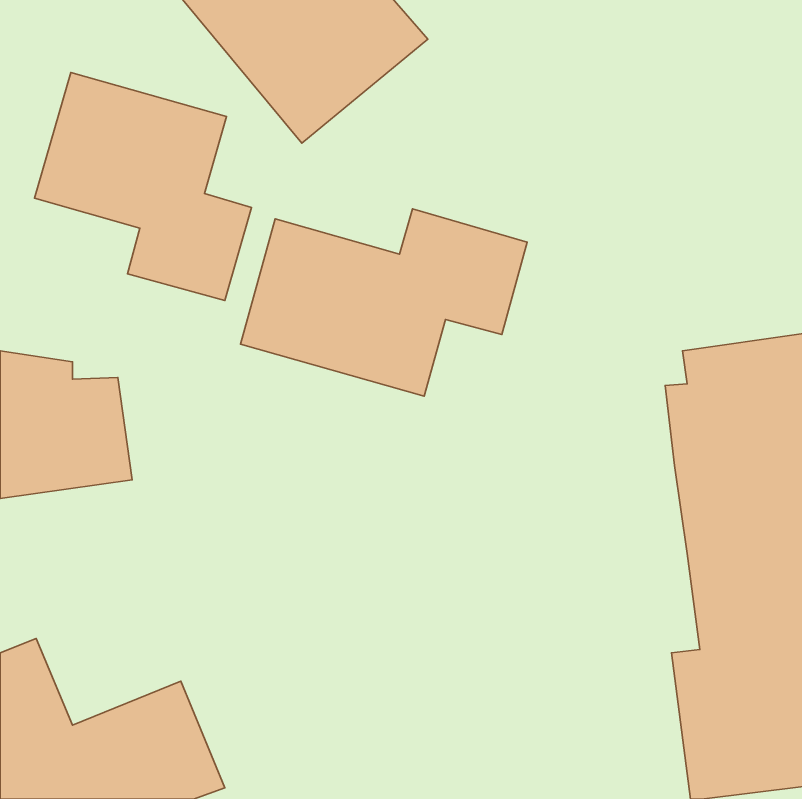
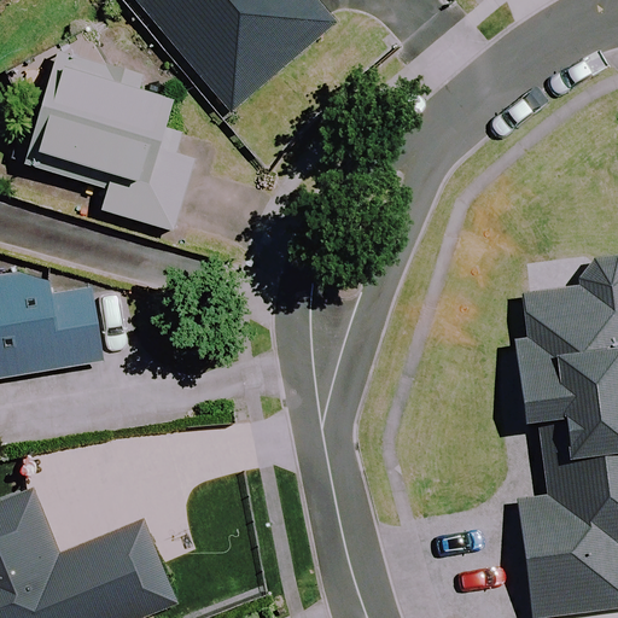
building: [240,209,527,396] -> none

